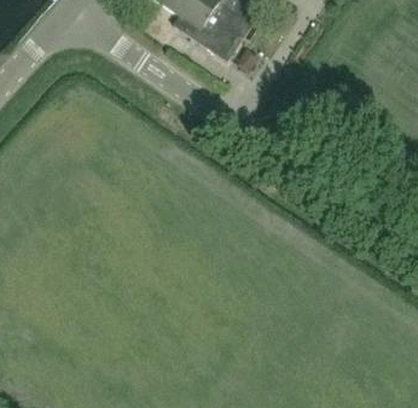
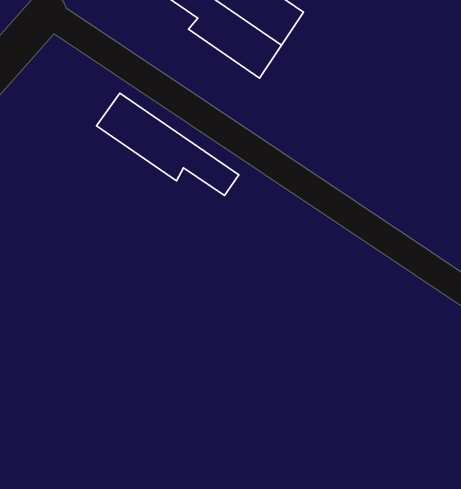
building: none -> [97,93,239,196]

